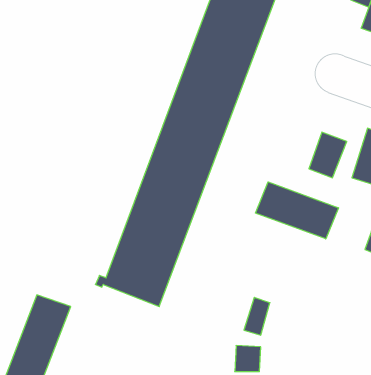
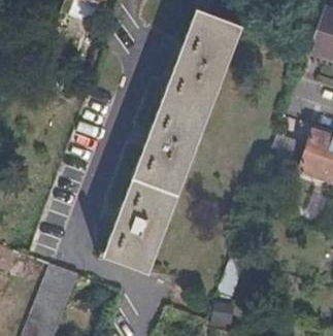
building: [256,182,338,239] -> none

